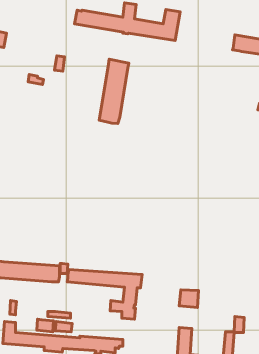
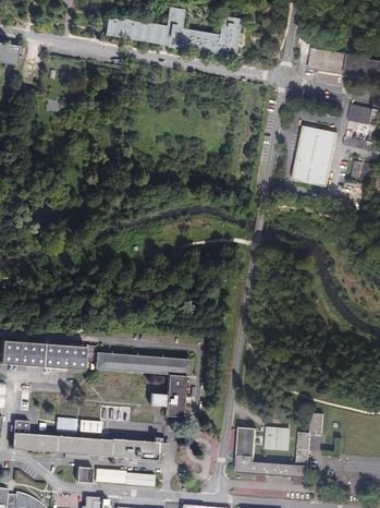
building: [99,59,129,124] -> none
building: none -> [291,126,335,188]
building: [179,290,198,307] -> [265,426,290,449]

